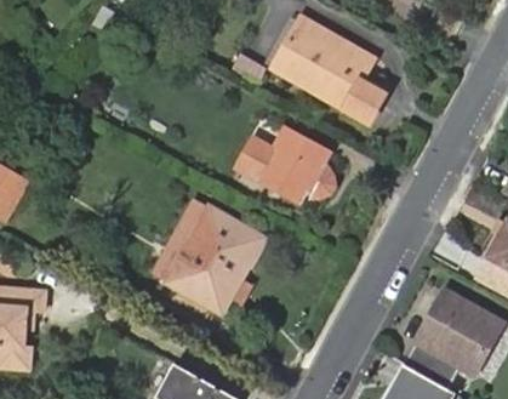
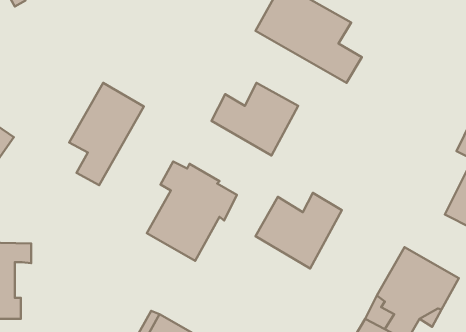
building: none -> [69,83,144,185]
building: none -> [255,193,342,269]

